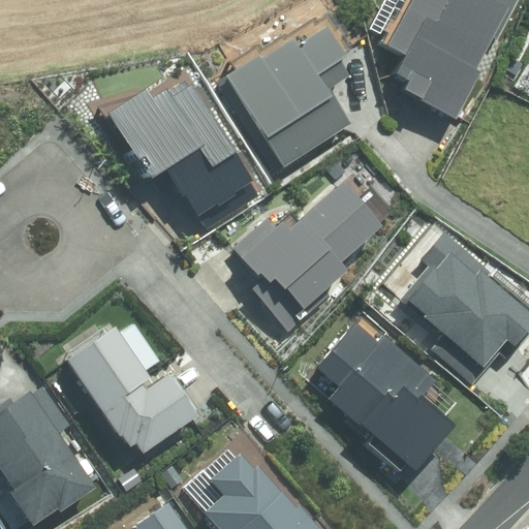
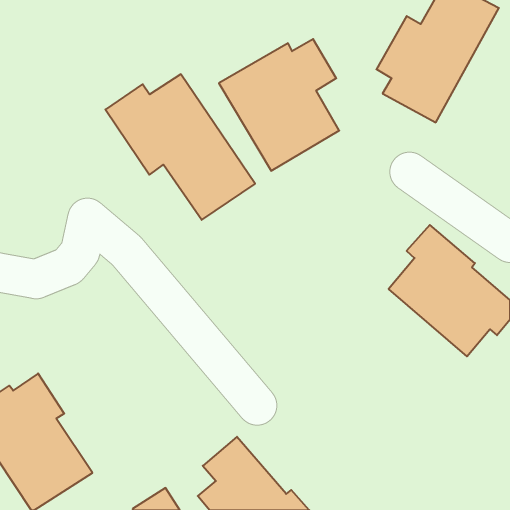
building: [231,181,380,316] -> none
building: [317,325,461,470] -> none
building: [67,326,198,458] -> none

